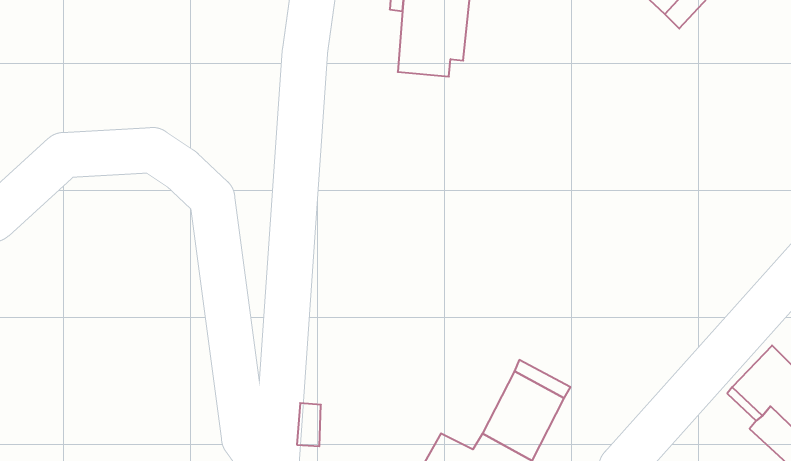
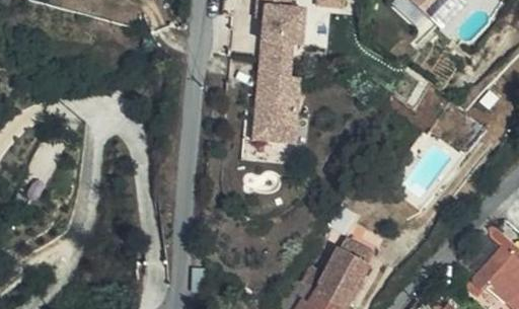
building: none -> [252,57,299,144]

